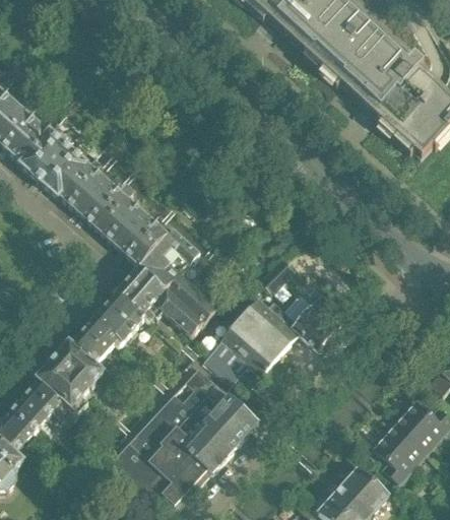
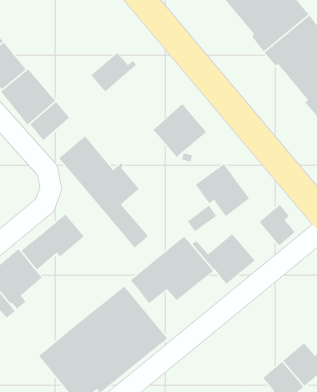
building: none -> [153,103,207,158]
building: [79,180,132,229] -> [90,52,137,92]
building: none -> [195,163,250,217]
building: none -> [258,204,296,246]
building: [117,264,204,333] -> none

